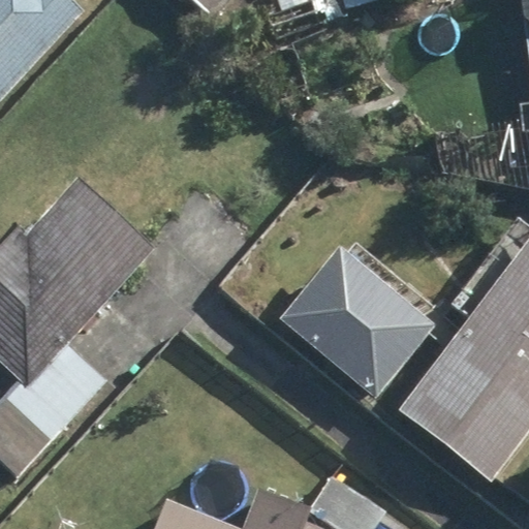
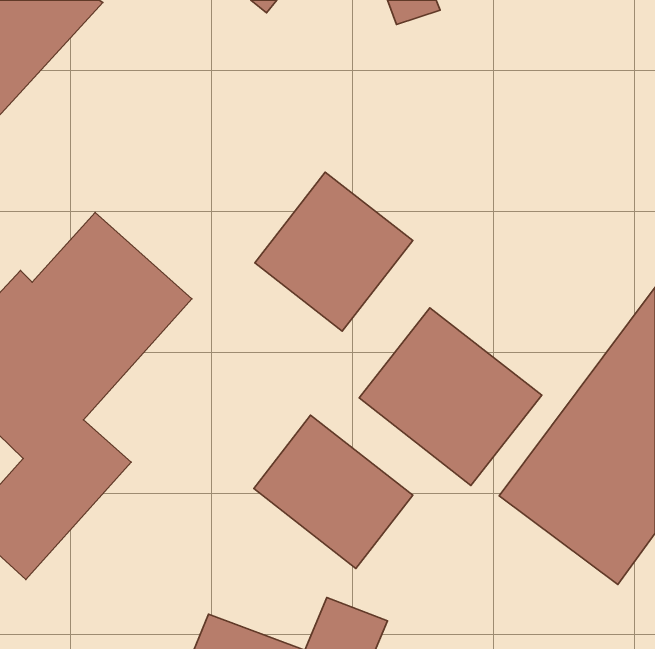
building: none -> [255,172,413,331]
building: none -> [254,415,413,568]

